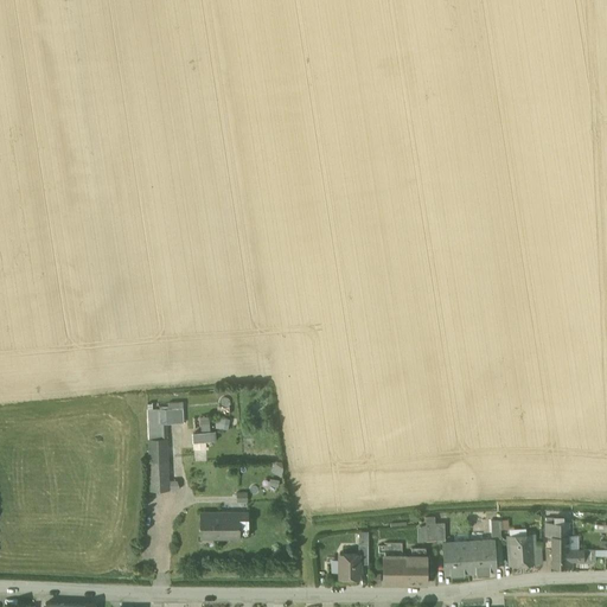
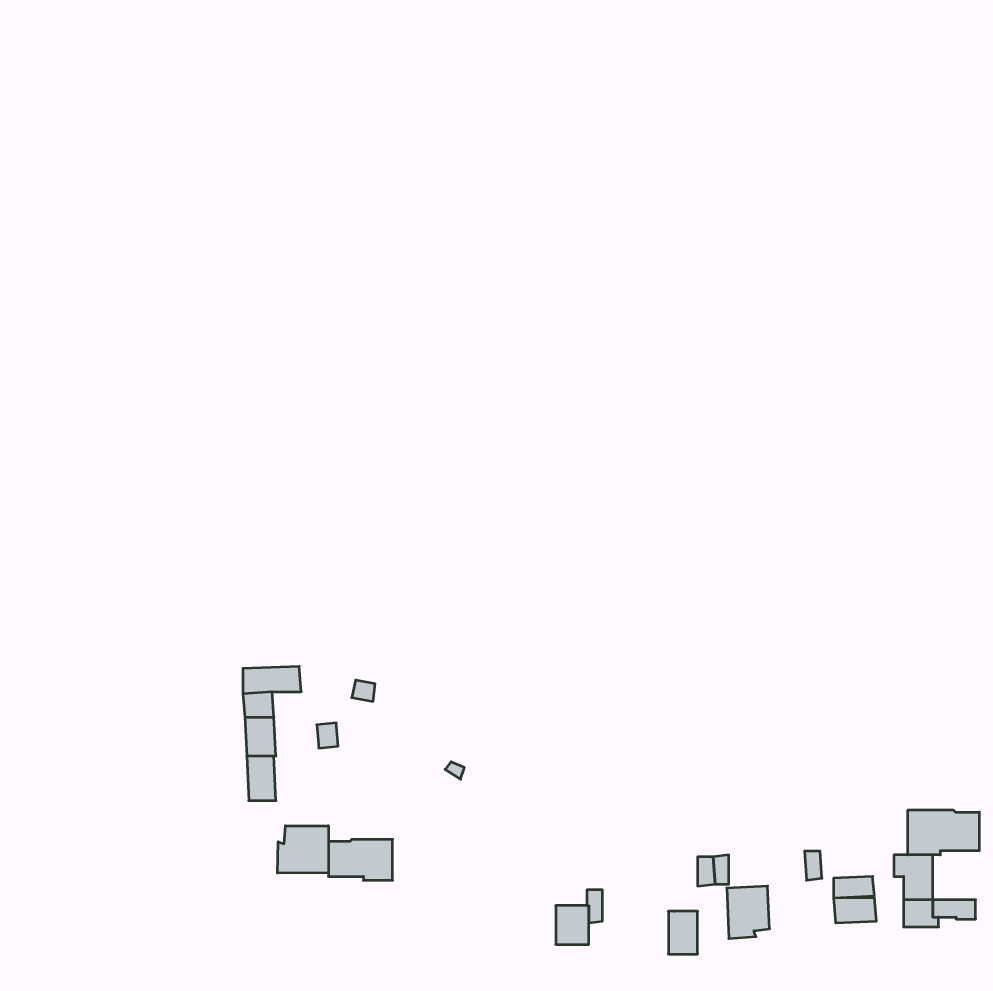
building: none -> [908,810,979,855]
building: none -> [277,826,328,873]
building: [468,539,496,571] -> none
building: [384,555,408,582] -> none

